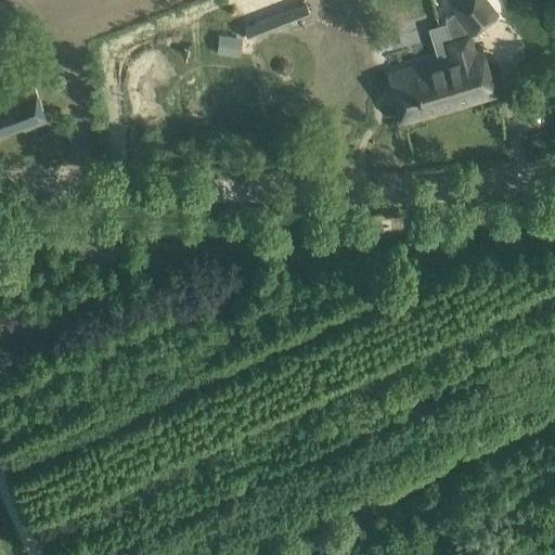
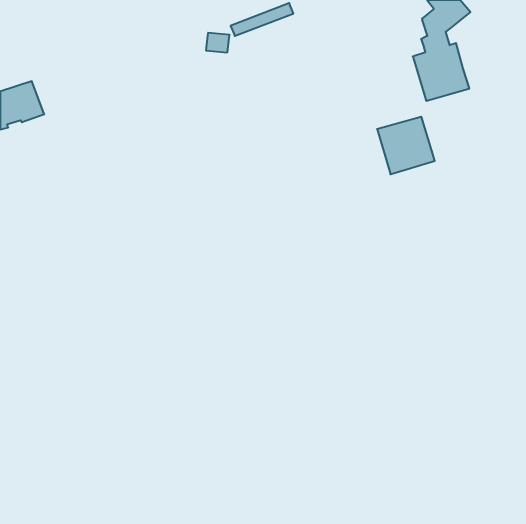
building: [388,61,449,121] -> [377,117,435,174]

